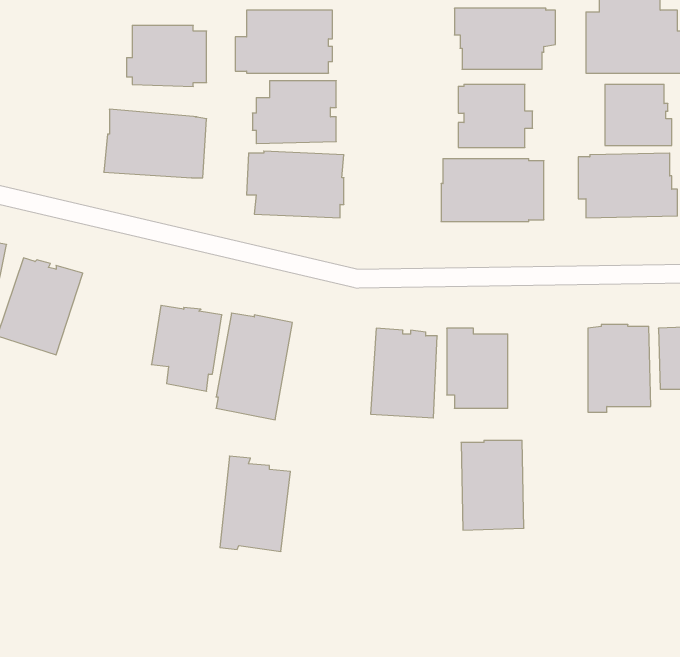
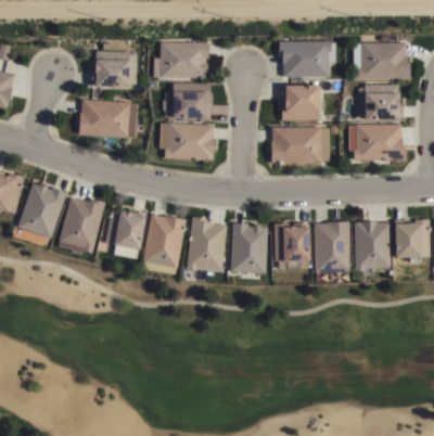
building: none -> [59,197,105,254]
building: [461,440,524,530] -> [314,222,349,273]
building: [220,456,290,551] -> [187,217,227,271]

